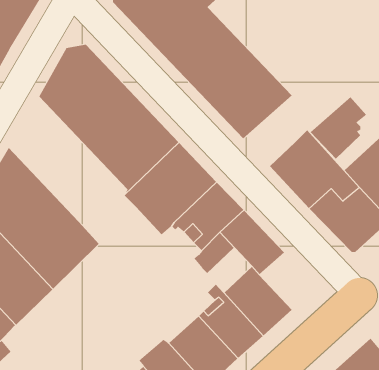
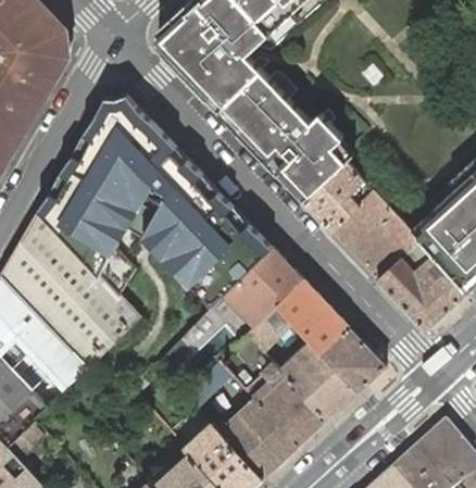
building: none -> [38,152,171,292]
building: [310,96,367,159] -> [301,160,365,230]
building: none -> [320,327,385,391]

